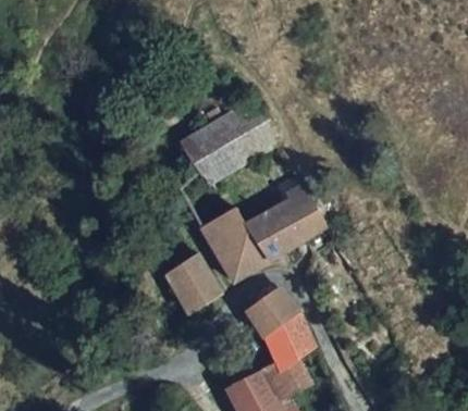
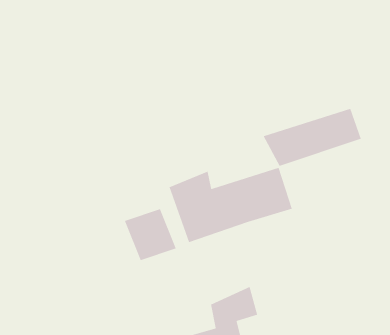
building: [178,99,279,170] -> [263,108,362,167]
building: [245,288,303,339] -> none

